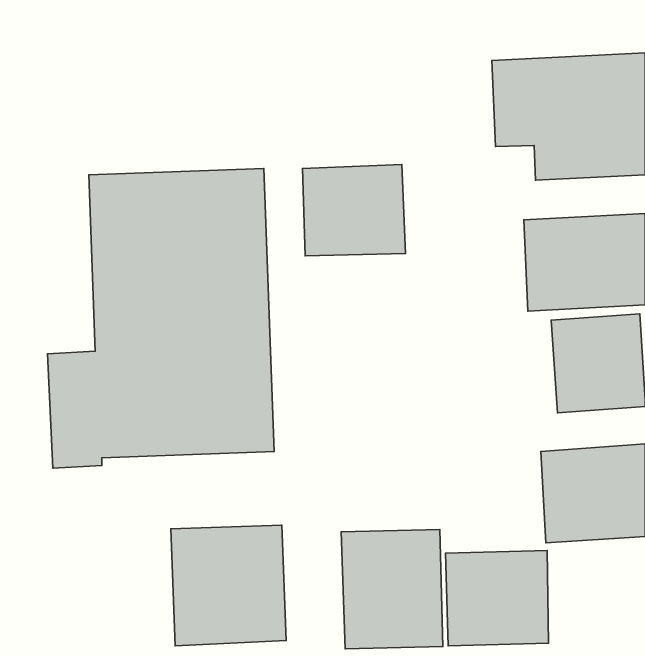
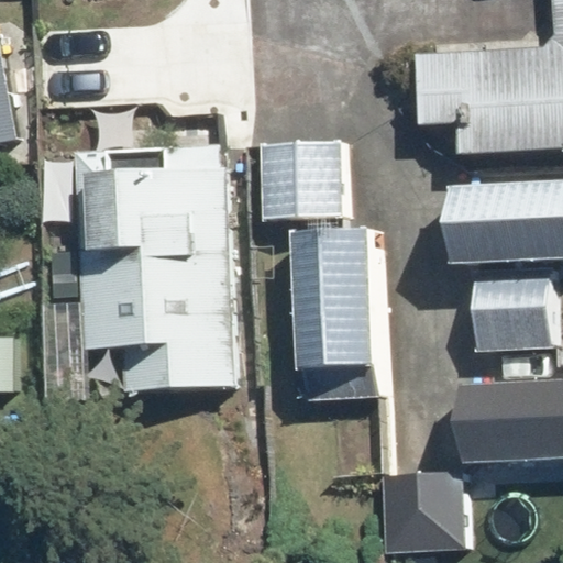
building: none -> [294,230,376,372]
building: [171,525,286,646] -> none
building: [341,529,443,649] -> none

